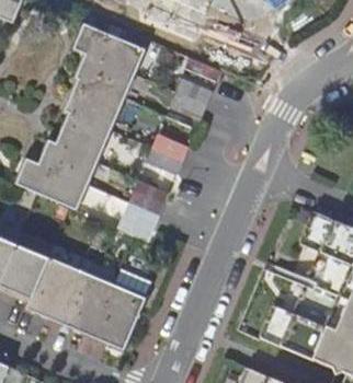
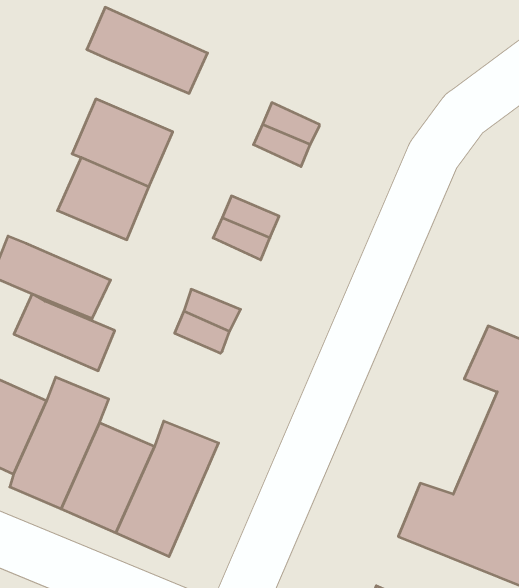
building: [75,51,134,95] -> none
building: [36,138,96,184] -> [14,294,115,371]

